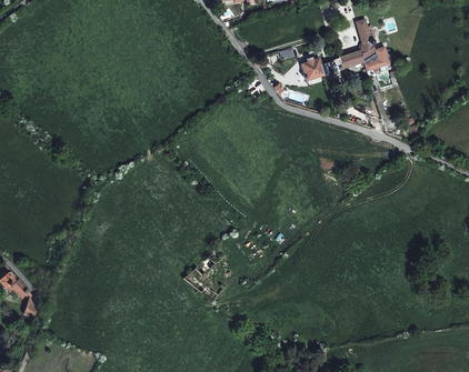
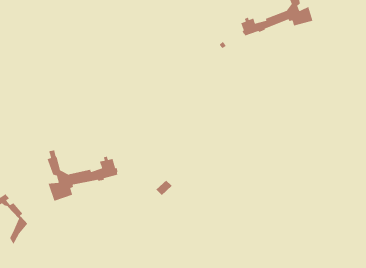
building: none -> [47,150,118,202]

